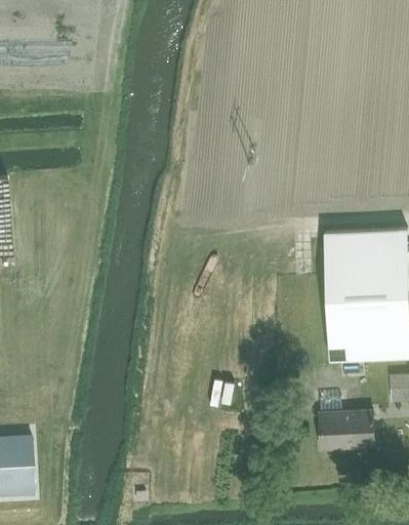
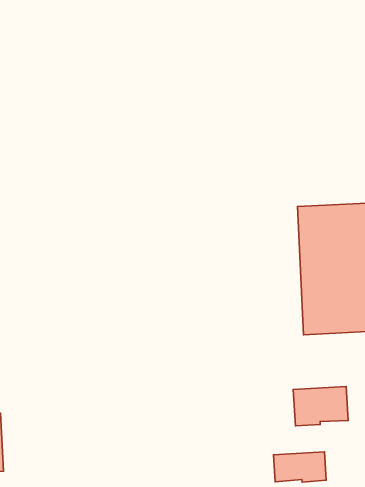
building: none -> [274,452,326,482]

